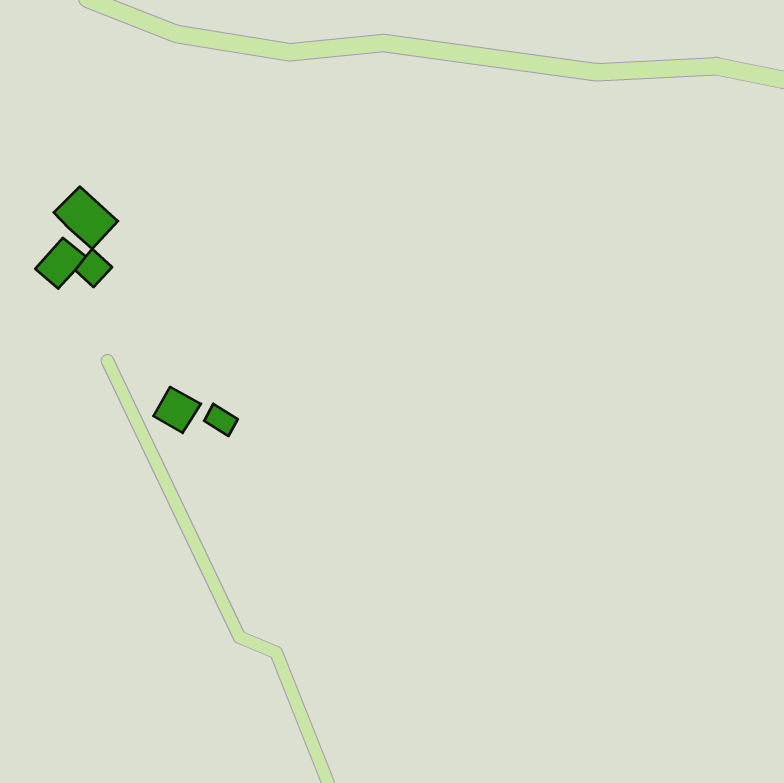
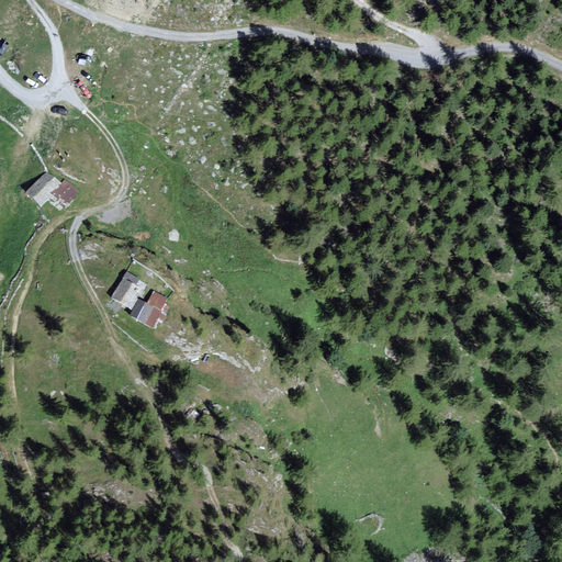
building: [54,187,118,249] -> none
building: none -> [128,297,164,329]

